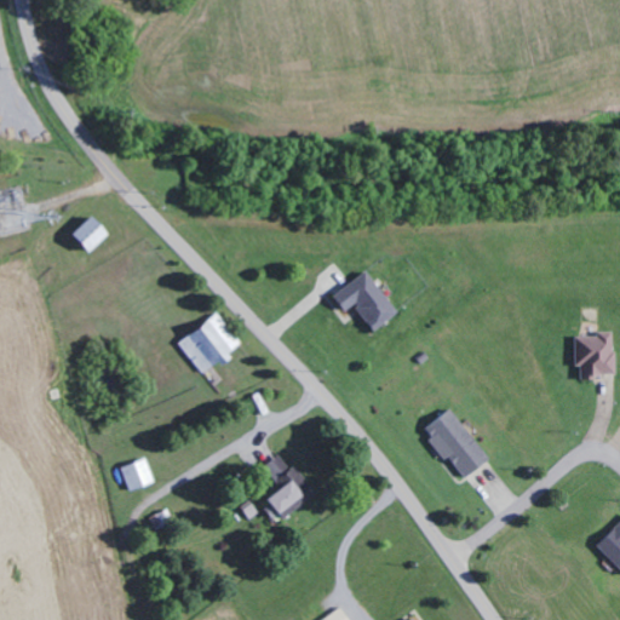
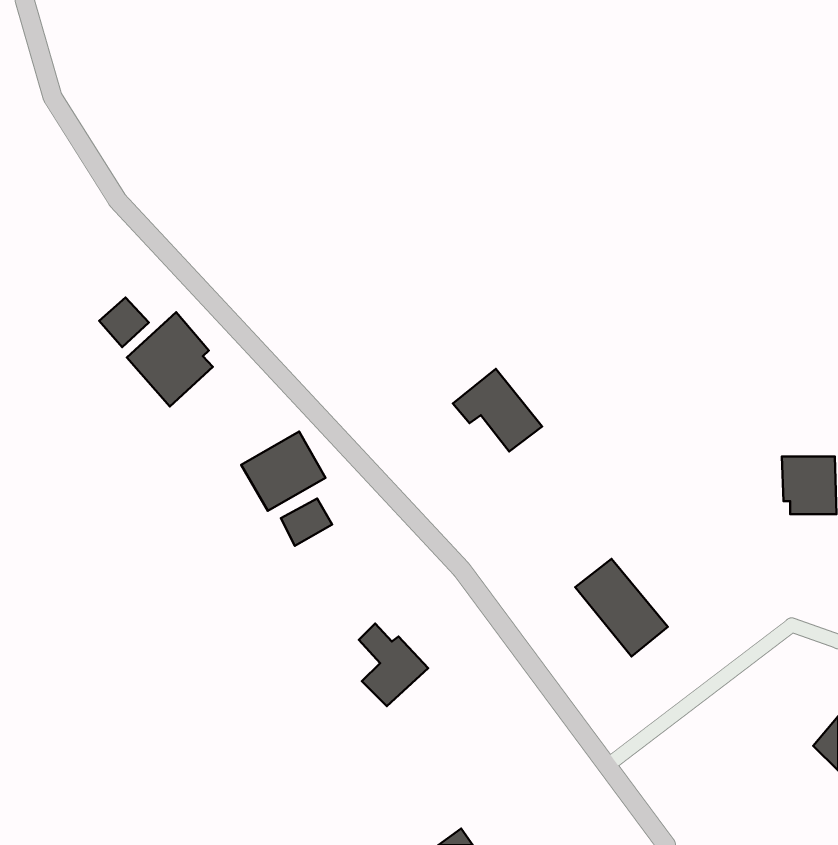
building: none -> [127,312,213,407]
building: none -> [281,498,332,546]
building: [120,459,153,493] -> none

